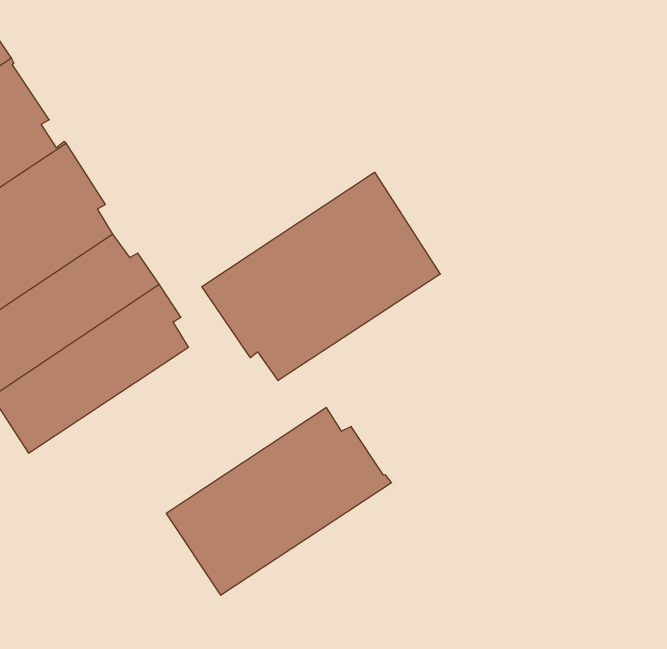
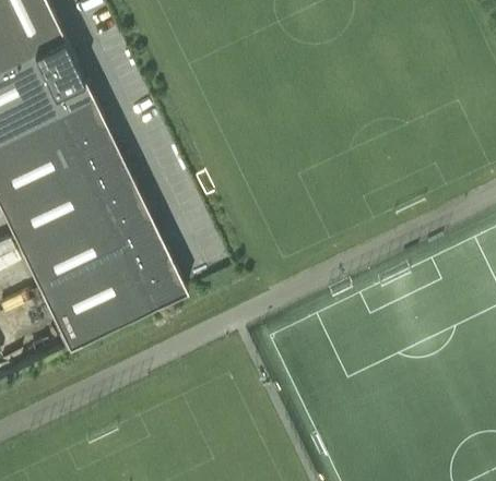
building: [202,172,440,381] -> none
building: [166,408,392,595] -> [40,239,187,349]

